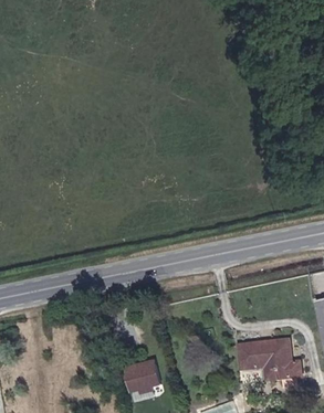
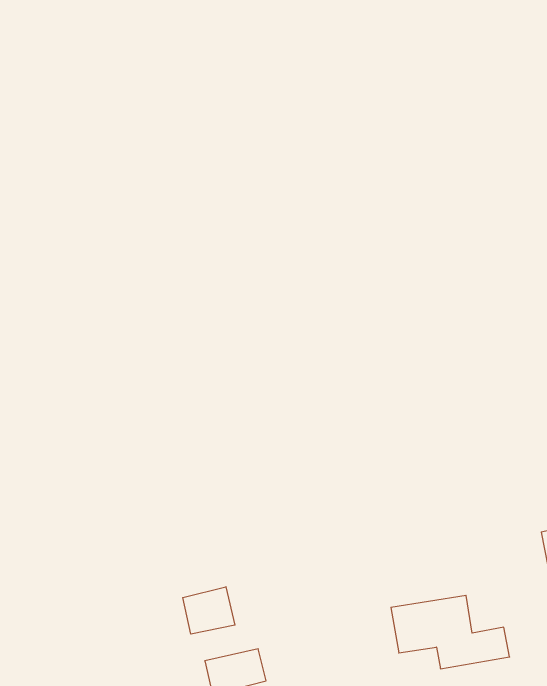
building: none -> [183,587,235,634]

